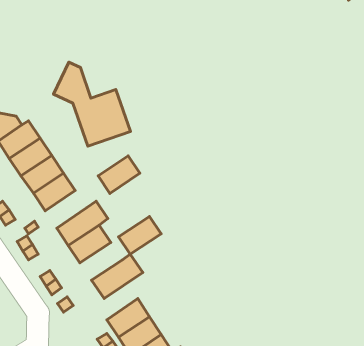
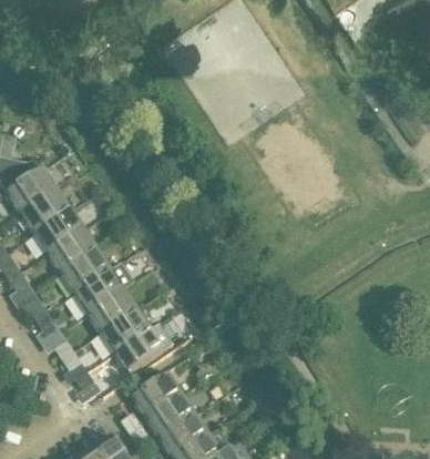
building: [54,62,131,146] -> none
building: [98,156,140,193] -> [61,248,109,292]
building: [119,217,161,254] -> [101,308,150,351]

